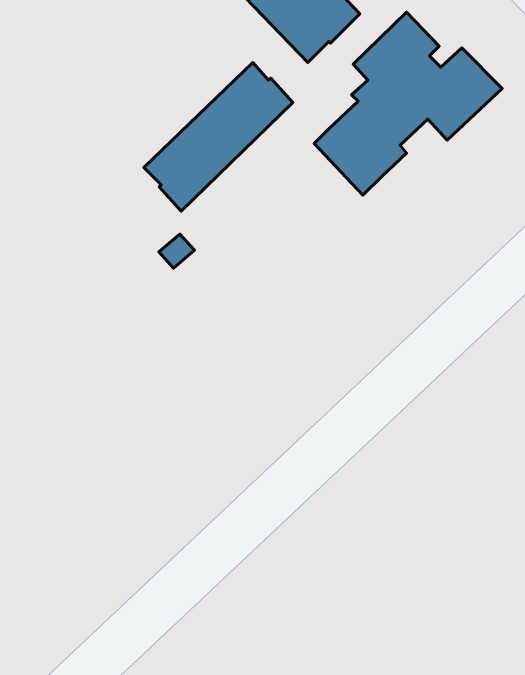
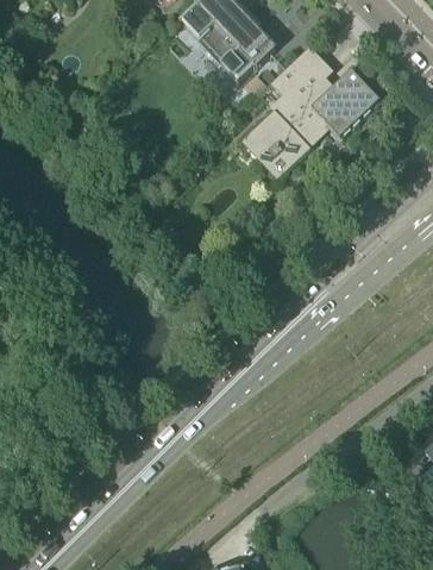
building: [144,63,293,211] -> none

